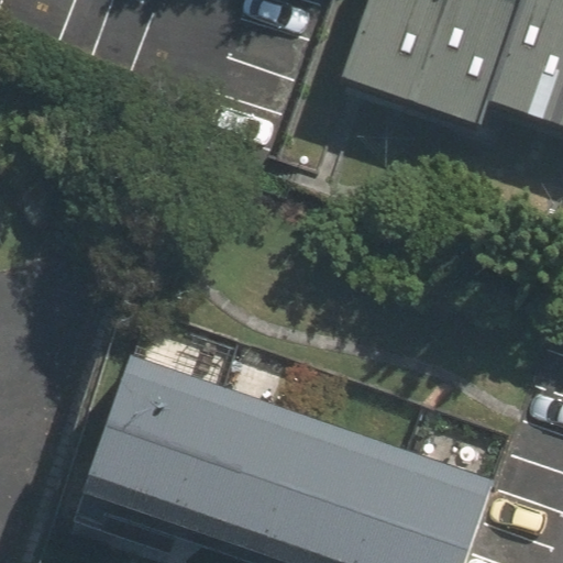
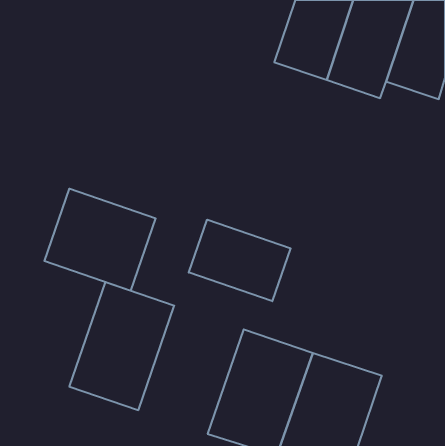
building: none -> [44,189,156,291]
building: none -> [189,220,291,301]
building: [174,386,306,547] -> none

